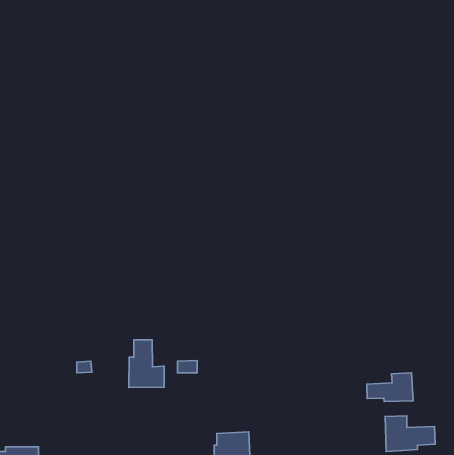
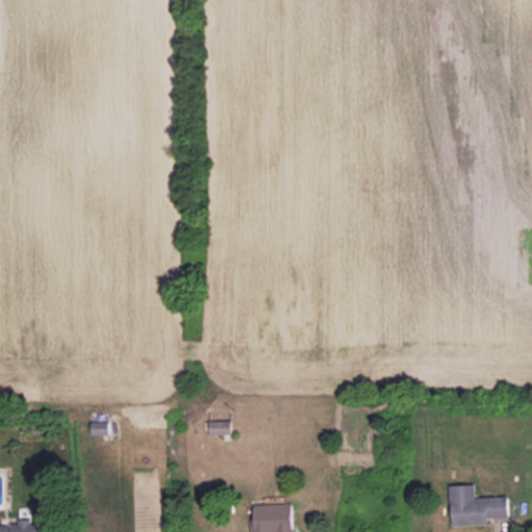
building: [129,340,164,388] -> none
building: [367,373,413,402] -> none

